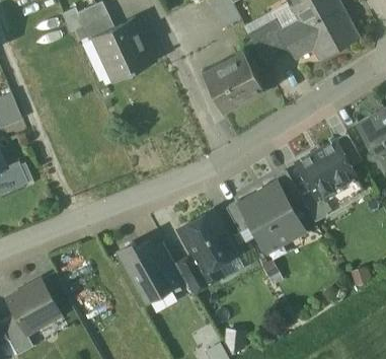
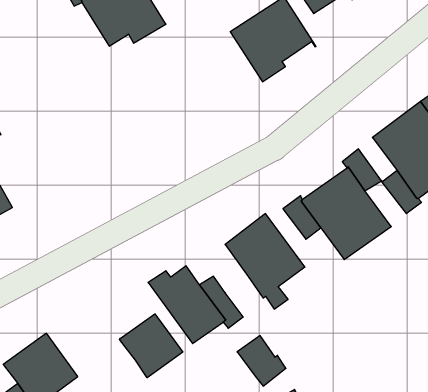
building: [175,254,210,291] -> [237,336,286,386]
building: none -> [120,314,183,378]

